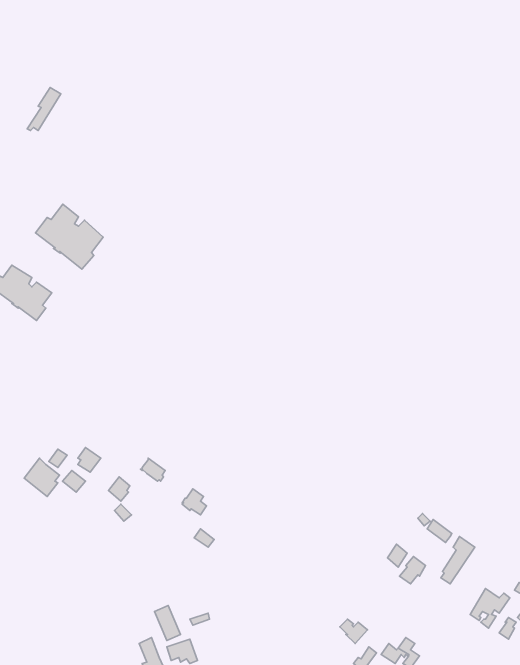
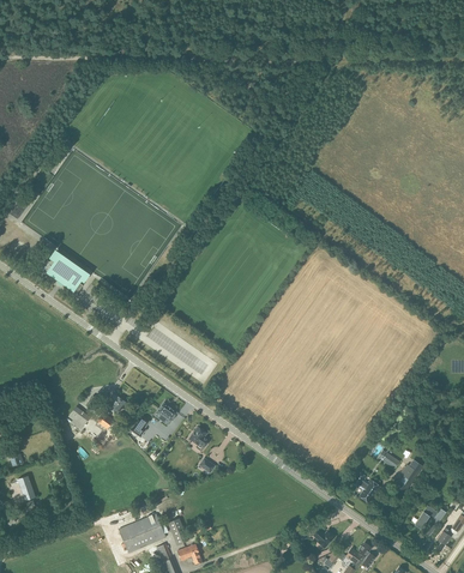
building: [36,204,103,269] -> none
building: none -> [119,513,165,553]

